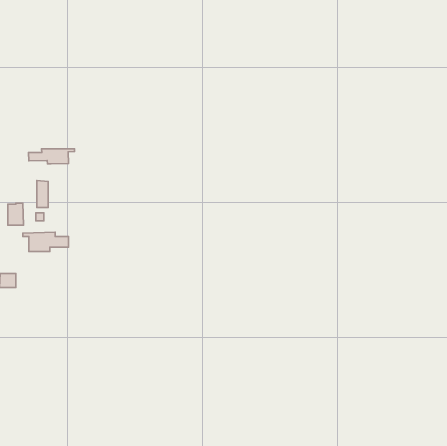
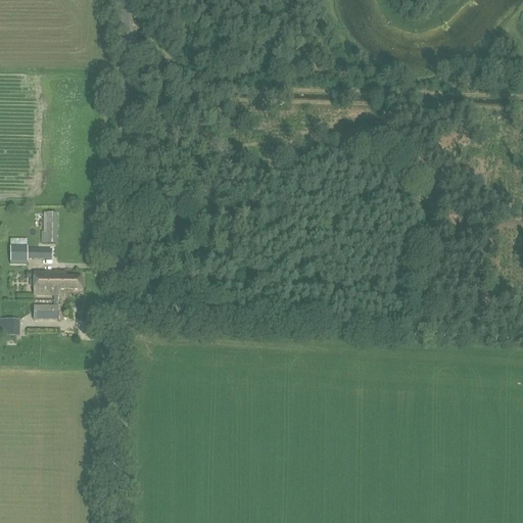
building: [28,149,74,164] -> none
building: none -> [33,294,58,319]

